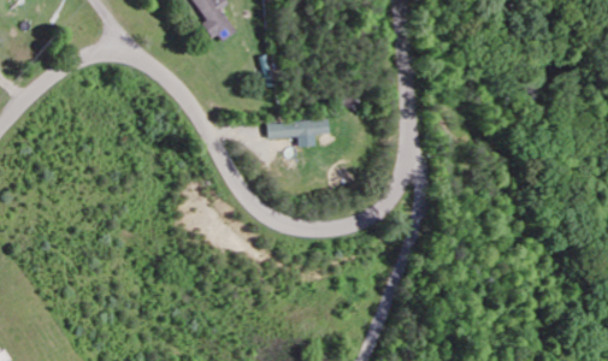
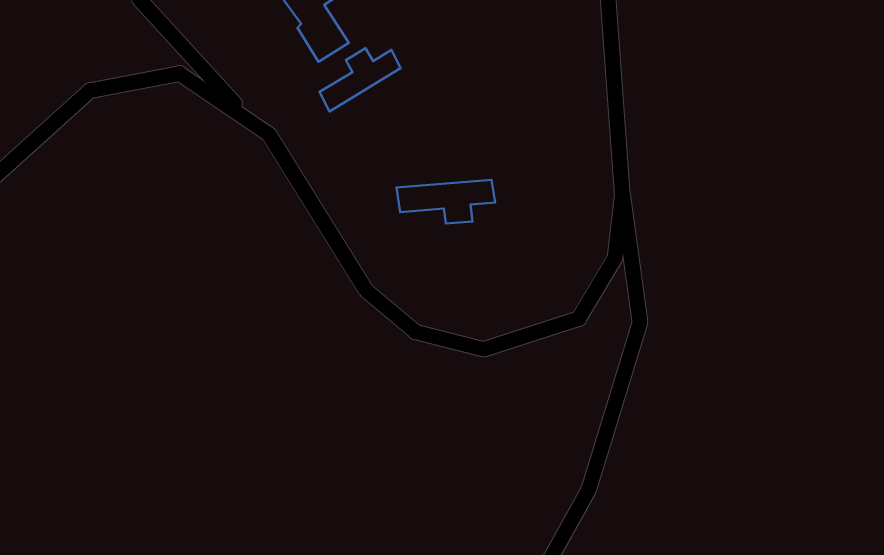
building: none -> [320,48,401,111]

